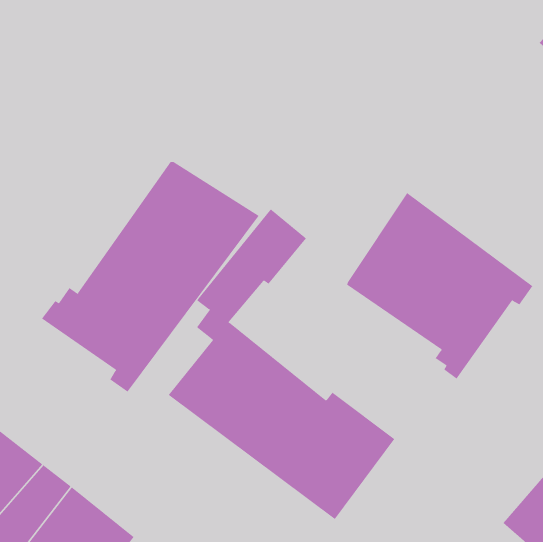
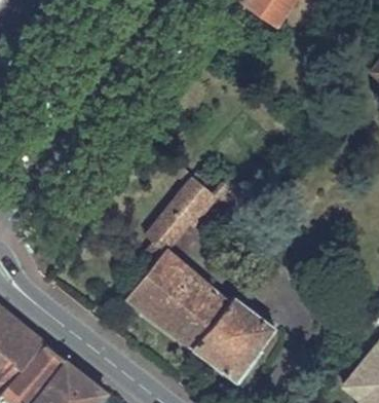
building: [41,161,259,393] -> none
building: [347,192,533,380] -> none

